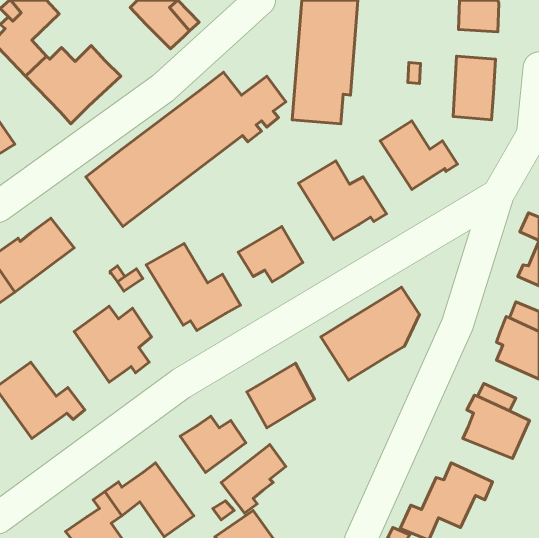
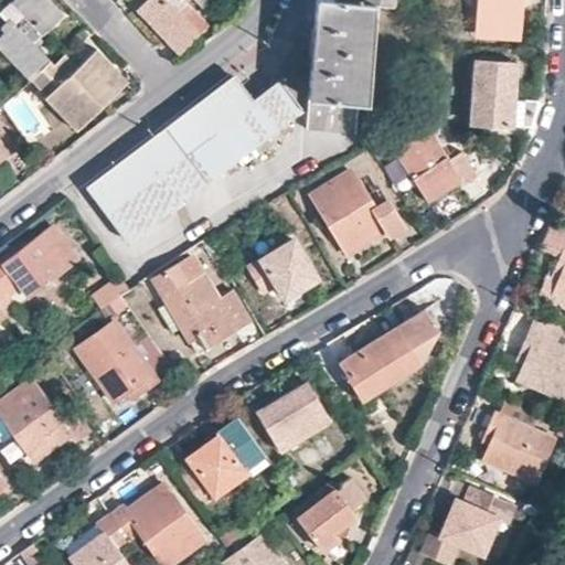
building: [221,444,286,513] -> [299,480,366,552]

